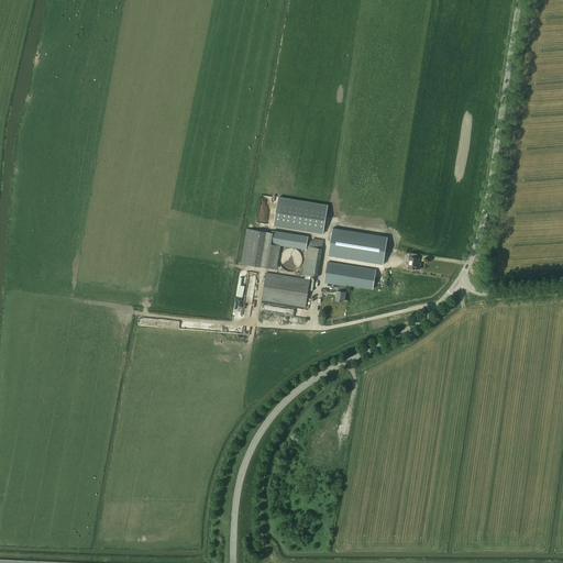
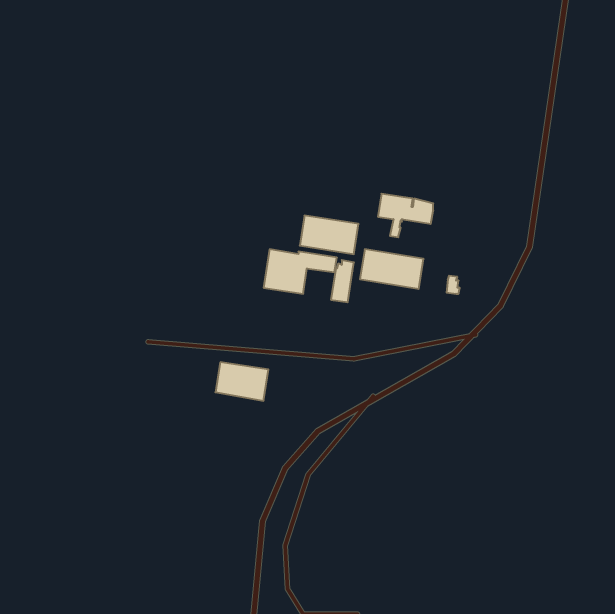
building: [324,261,375,300] -> [378,194,433,237]
building: [262,272,310,307] -> [215,362,268,401]

